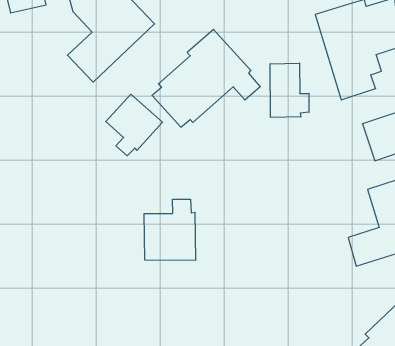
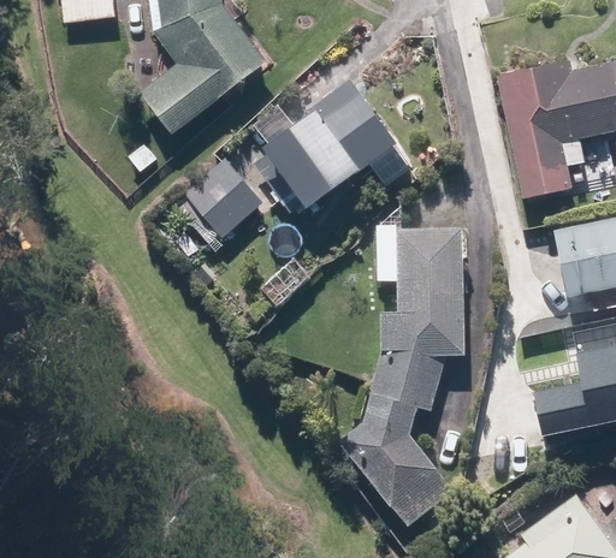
building: [270,63,309,117] -> none
building: none -> [339,227,467,527]
building: [144,199,196,260] -> none

